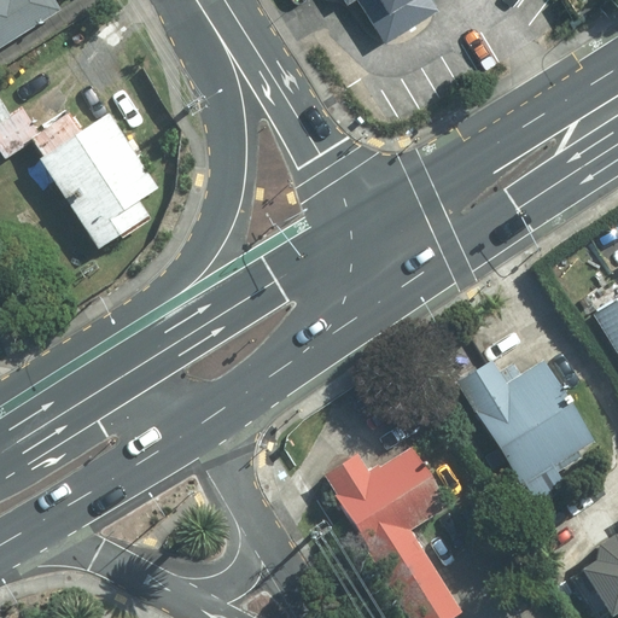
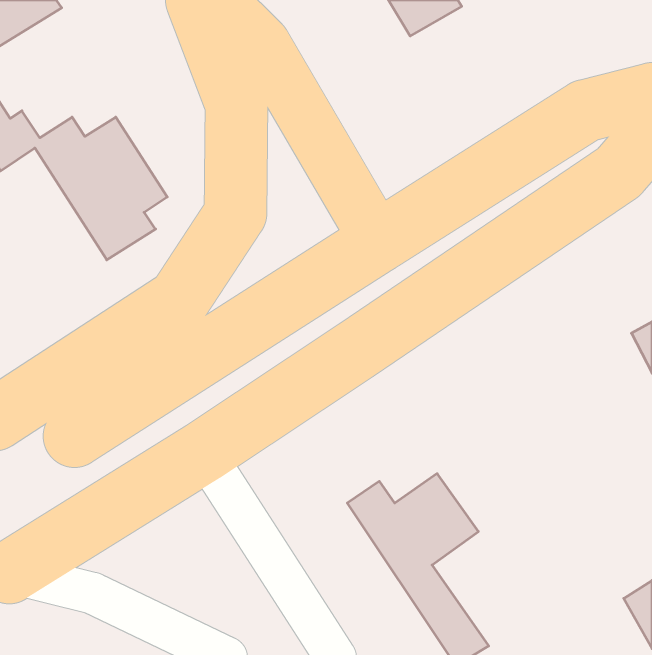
building: [457,357,599,517] -> none

